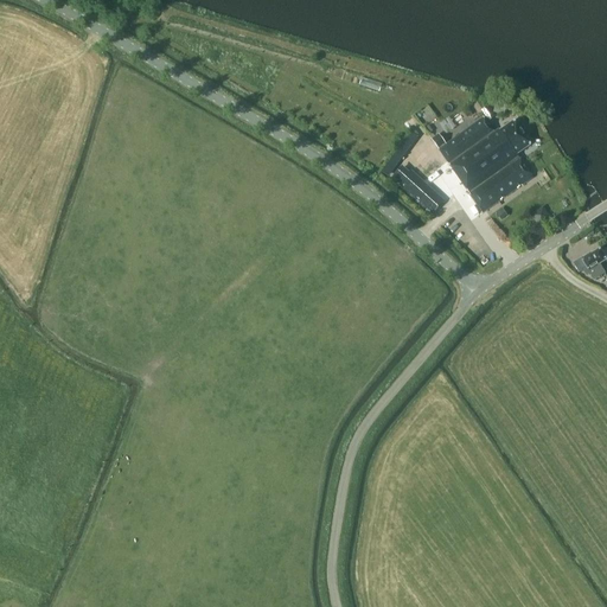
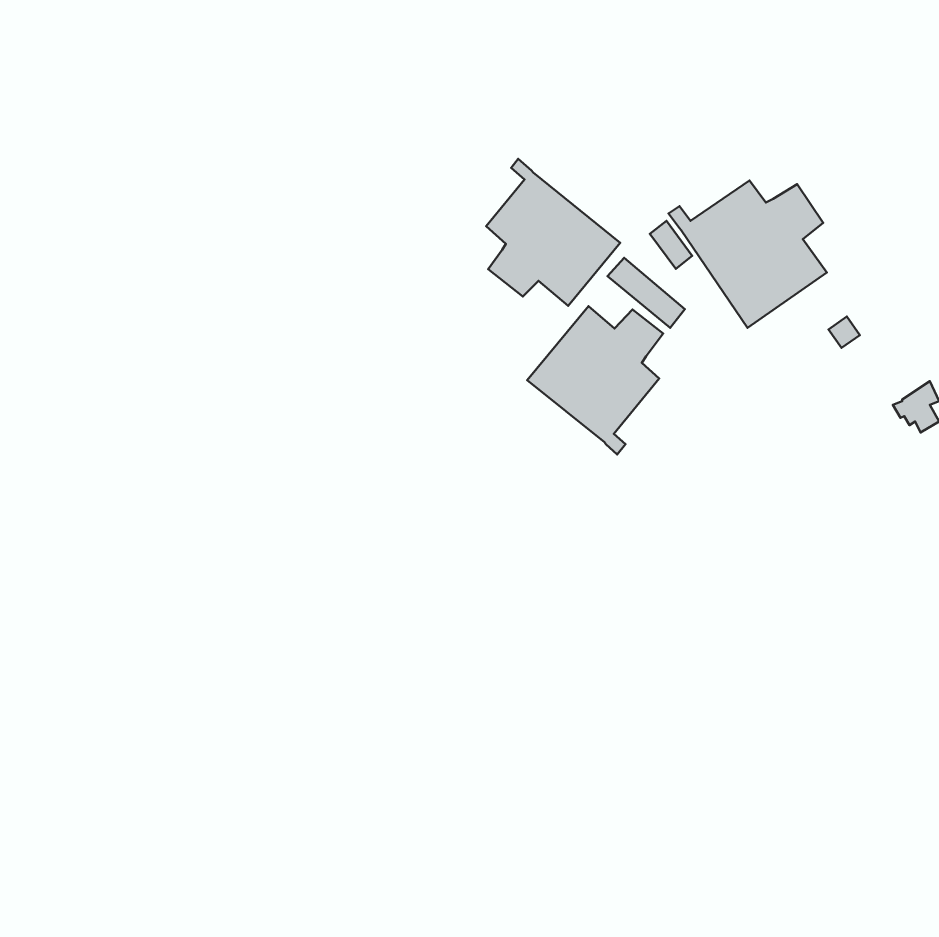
building: none -> [486,159,620,306]
building: none -> [527,306,663,454]

